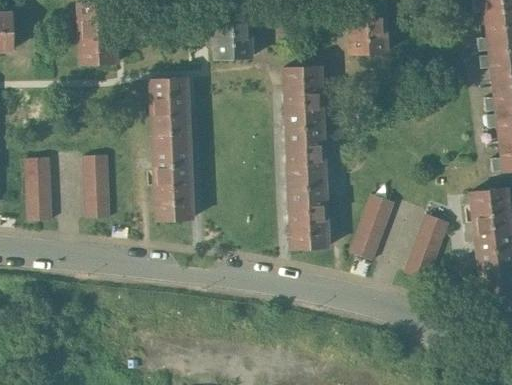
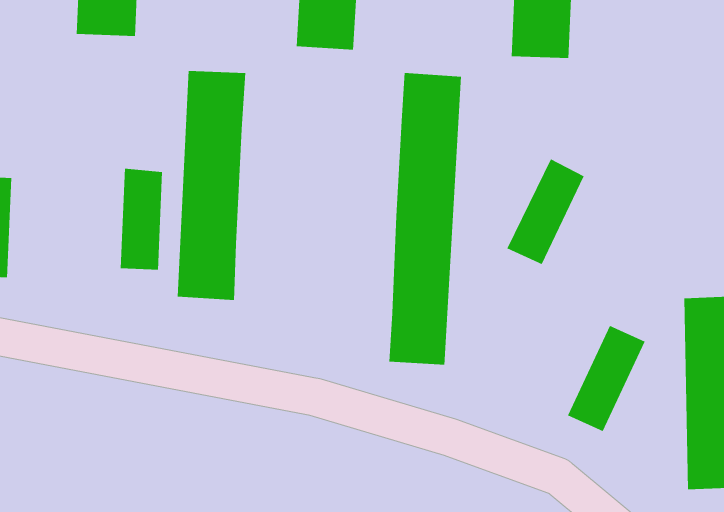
building: [83,155,110,217] -> [120,168,163,270]
building: [349,193,393,259] -> [506,158,585,265]

